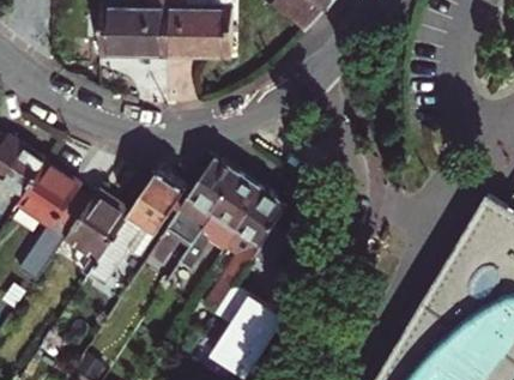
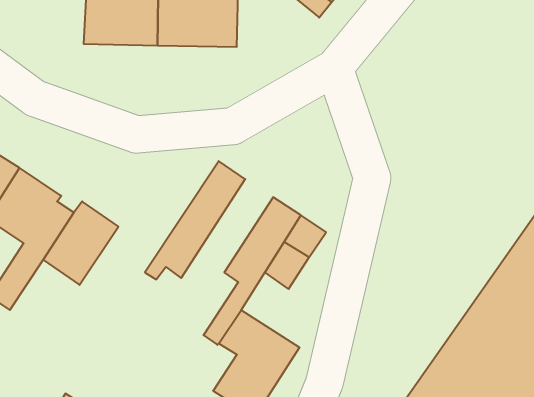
building: [84,171,189,295] -> none
building: [186,173,265,273] -> none

